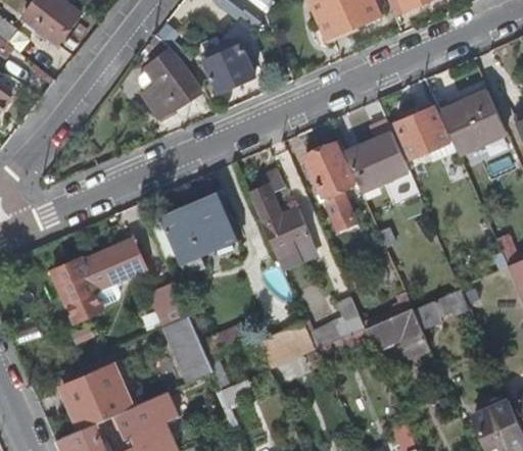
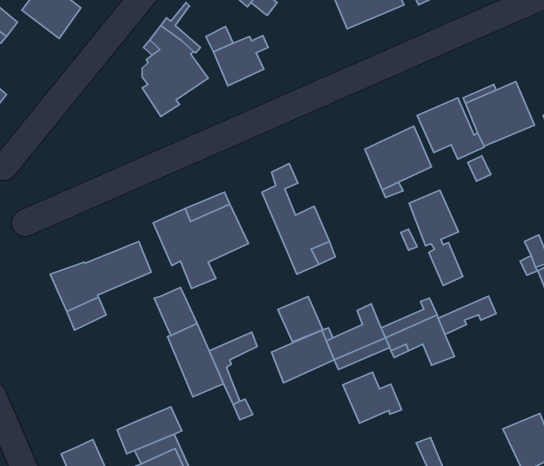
building: [306,142,356,231] -> [409,190,463,285]
building: none -> [278,297,323,342]
building: none -> [343,372,401,423]
building: [60,364,131,430] -> none

